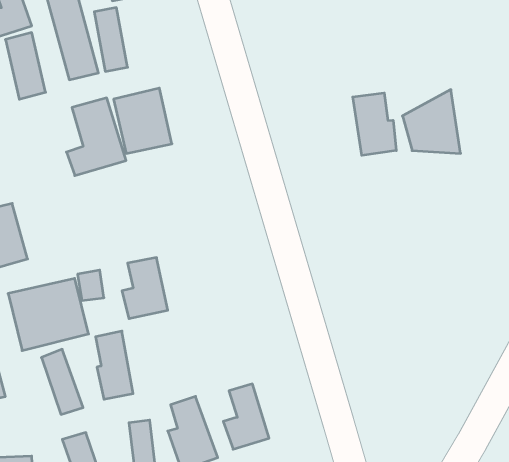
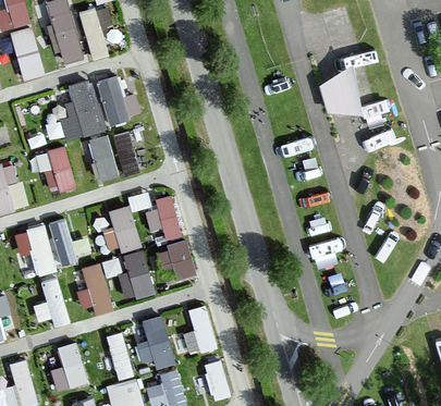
building: [353,93,396,155] -> none
building: none -> [85,127,139,182]
building: none -> [48,147,70,189]
building: none -> [143,198,183,243]
building: none -> [154,239,195,281]
building: none -> [101,250,154,299]

